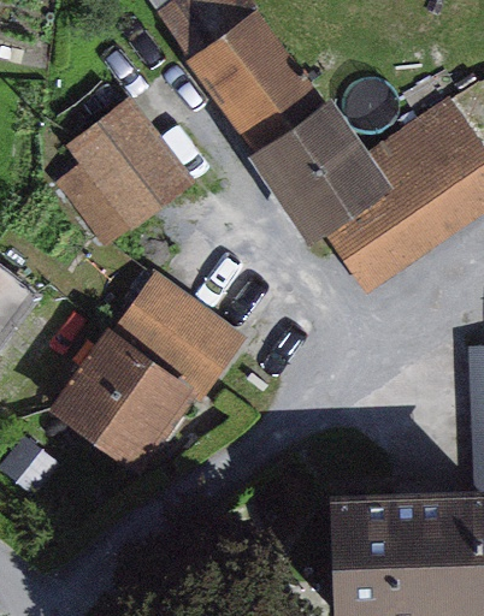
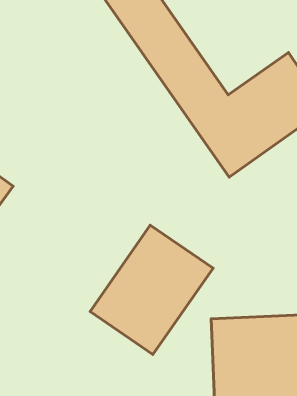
building: [48,101,196,248] -> none
building: [53,280,235,472] -> [90,225,213,355]

